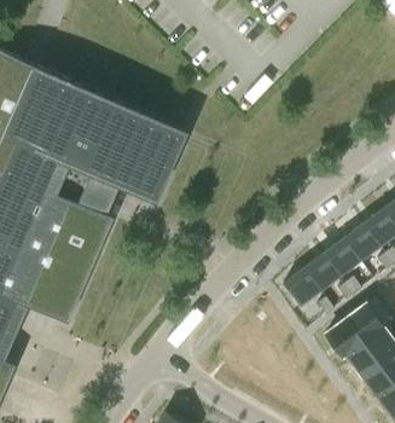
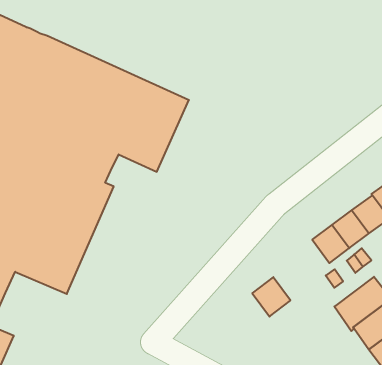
building: [290,273,327,312] -> [252,277,290,317]

